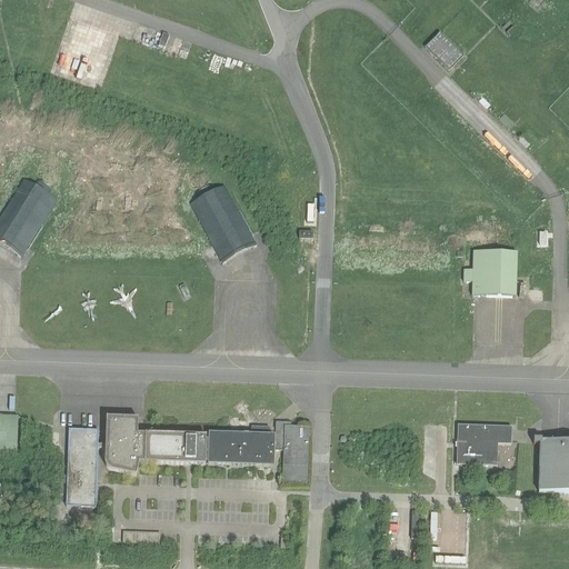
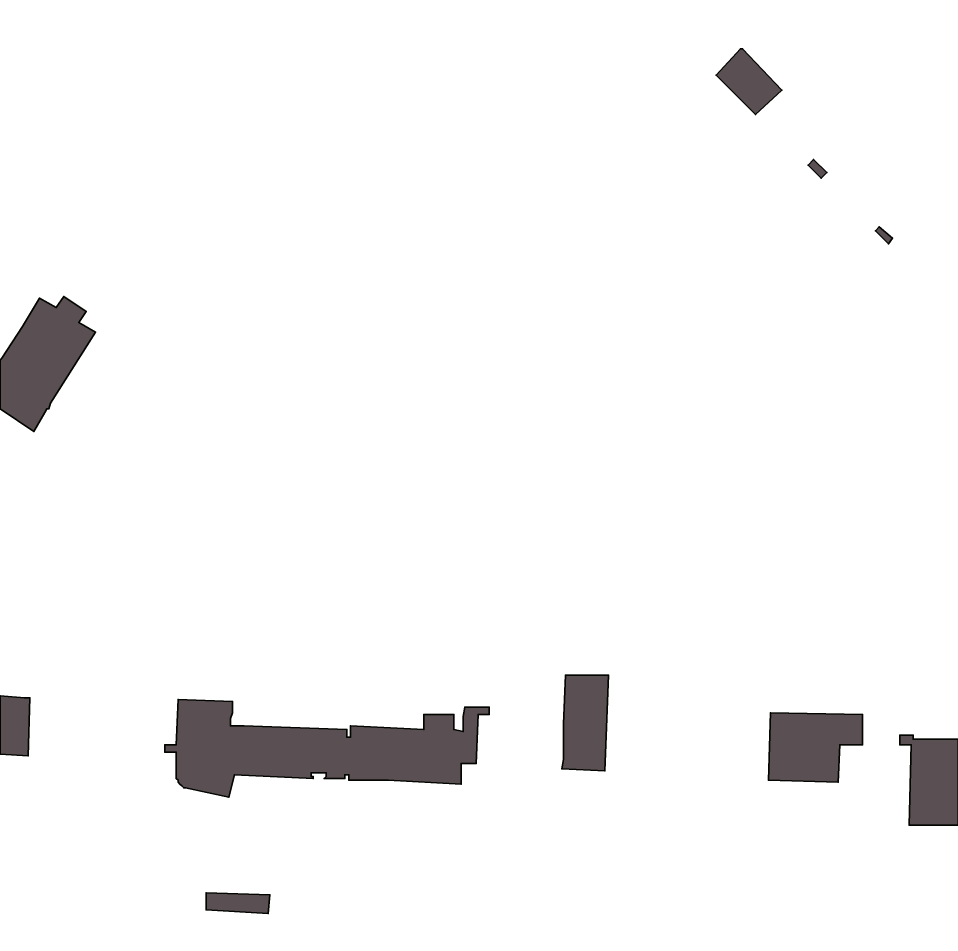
building: [189,181,257,261] -> none
building: [463,248,517,295] -> none
building: [281,423,309,480] -> [562,675,609,771]
building: [66,426,98,505] -> none

